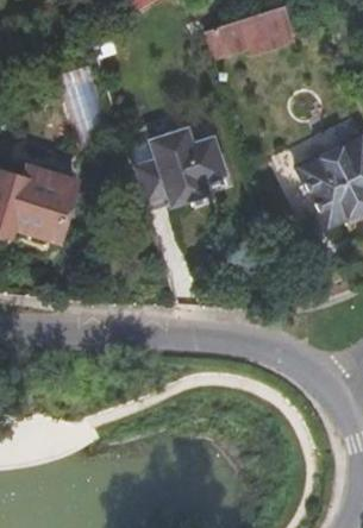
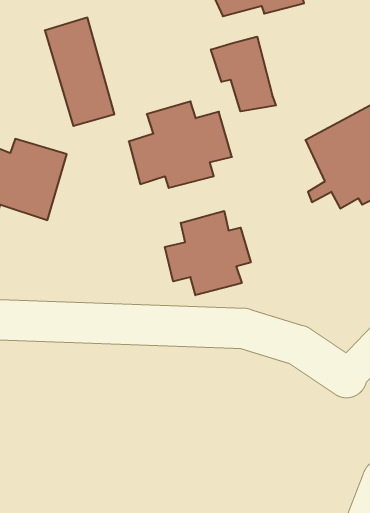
building: none -> [211,37,276,111]
building: none -> [165,211,251,295]

